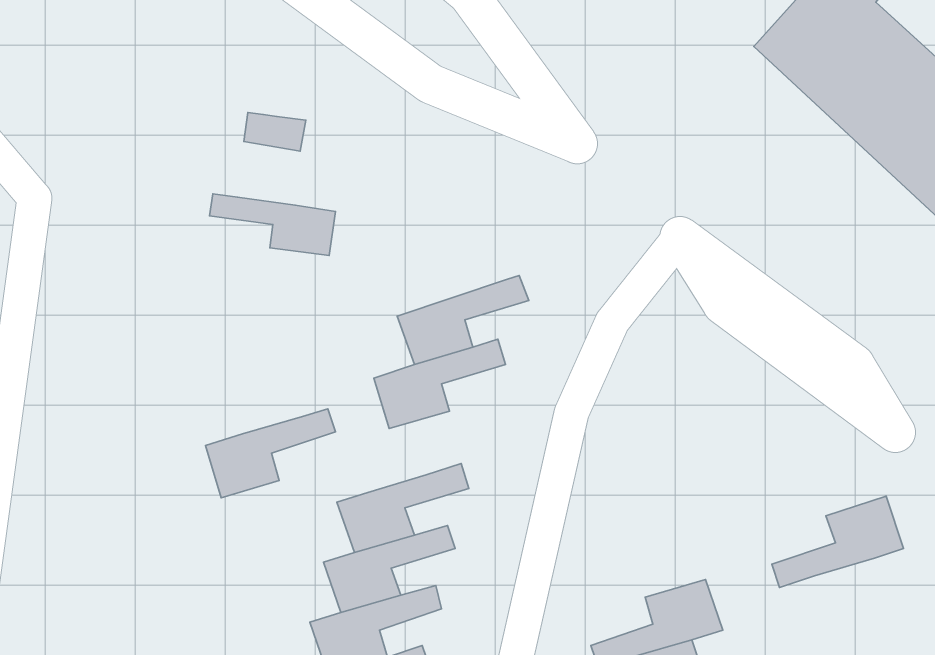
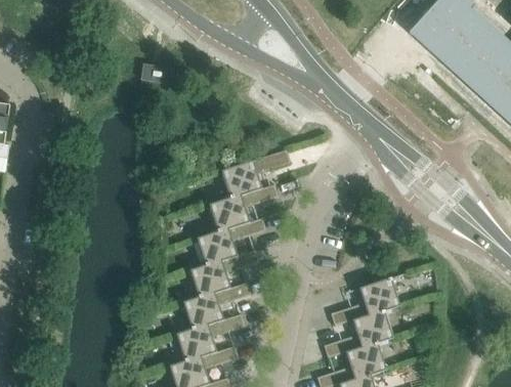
building: [210,194,335,255] -> none
building: [206,409,336,498] -> [198,219,266,266]
building: [772,496,904,587] -> [330,280,399,328]

